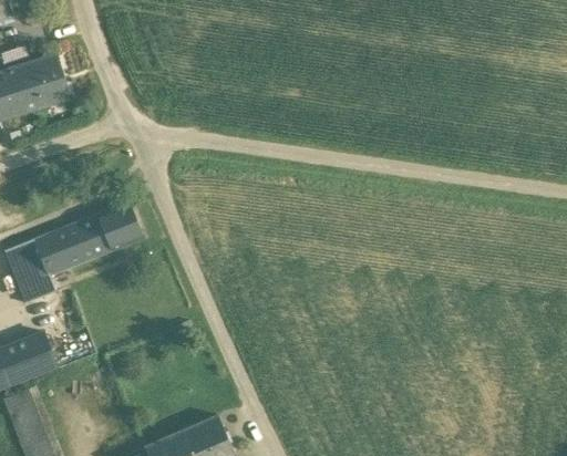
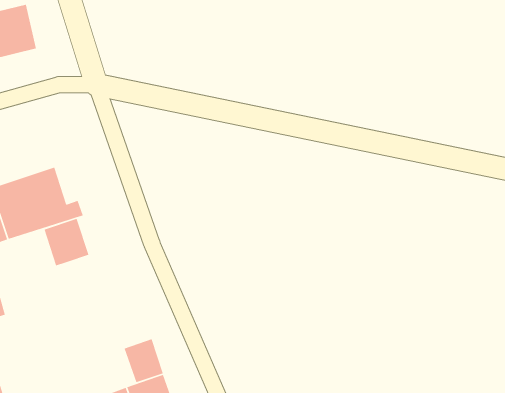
building: [95,200,143,250] -> [43,218,89,266]
building: none -> [123,338,164,383]

